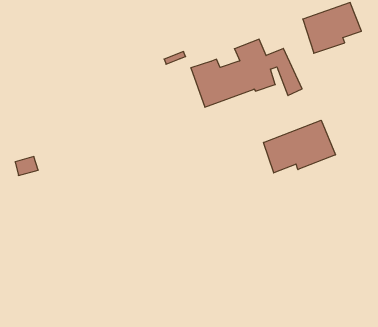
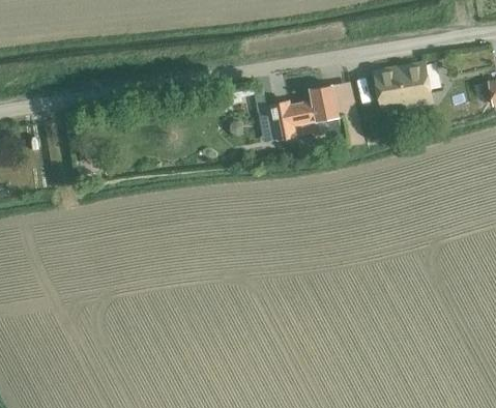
building: [264,120,335,173] -> none

